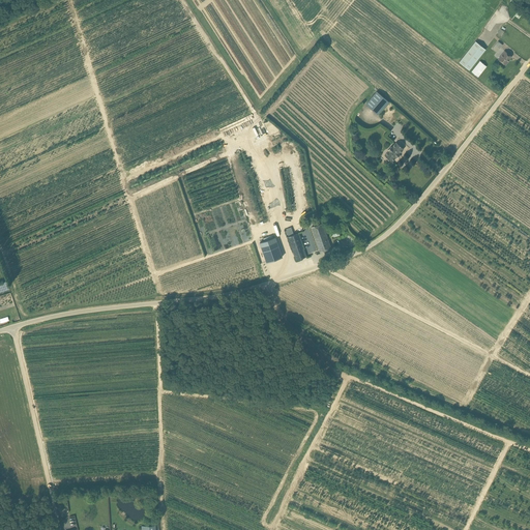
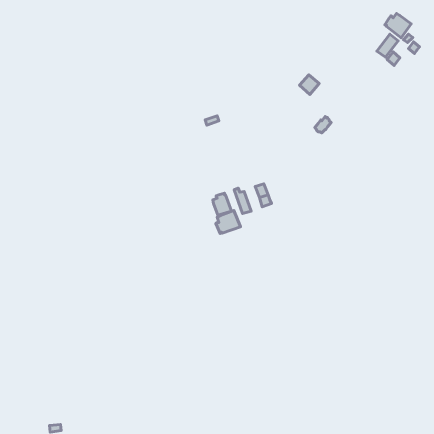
building: none -> [385,13,411,38]
building: none -> [216,211,240,233]

